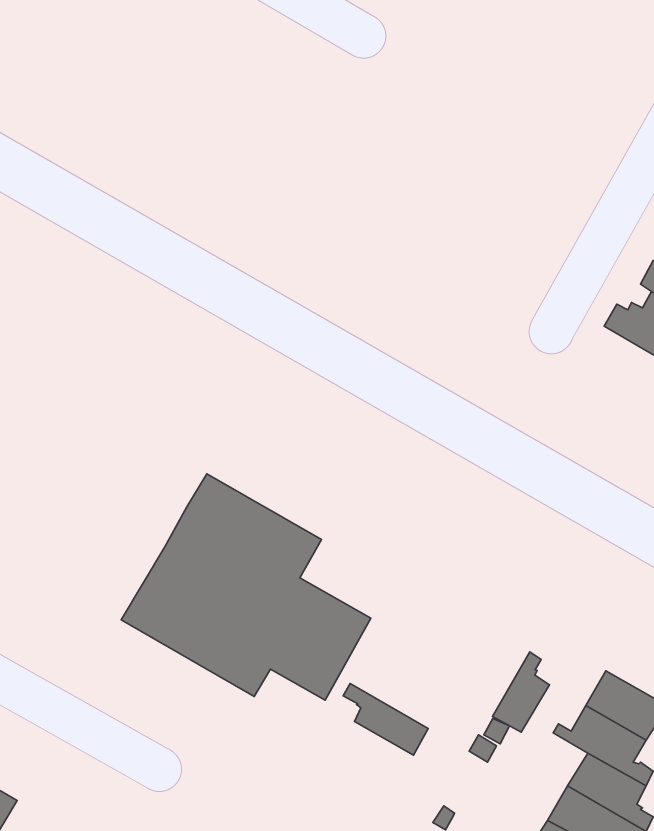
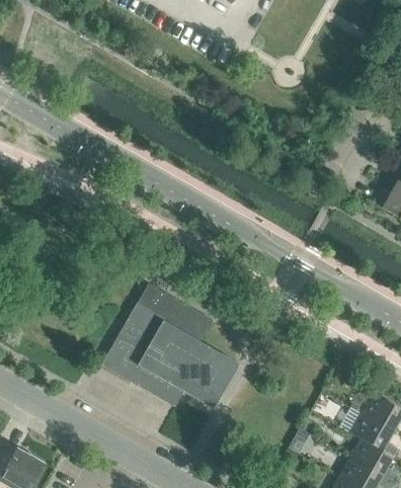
building: [492,652,549,732] -> none
building: [343,684,428,755] -> none

